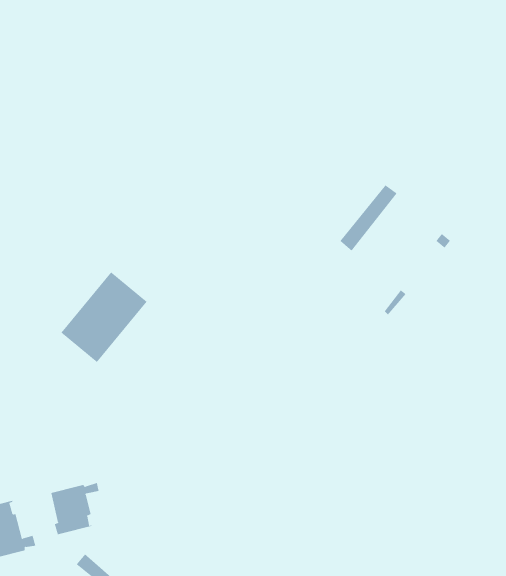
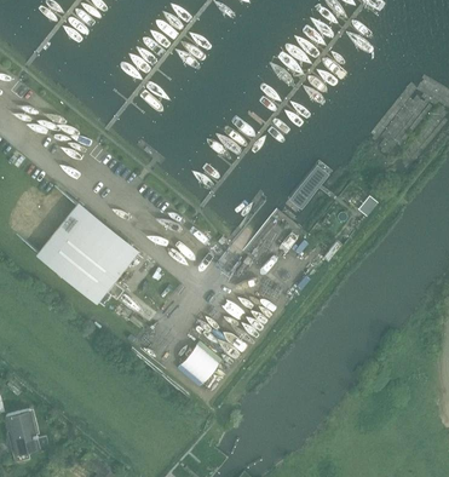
building: none -> [38,206,107,277]
building: [46,482,99,535] -> none

